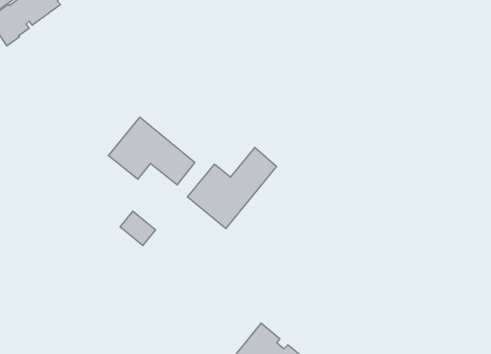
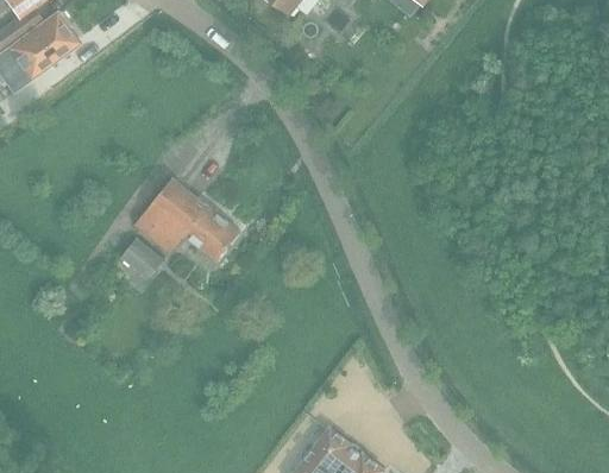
building: [187,148,277,228] -> none
building: [120,211,155,245] -> [120,238,163,279]

